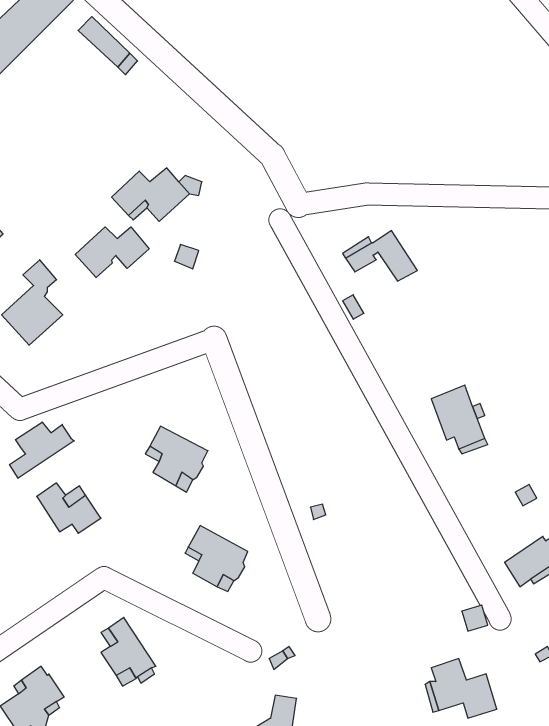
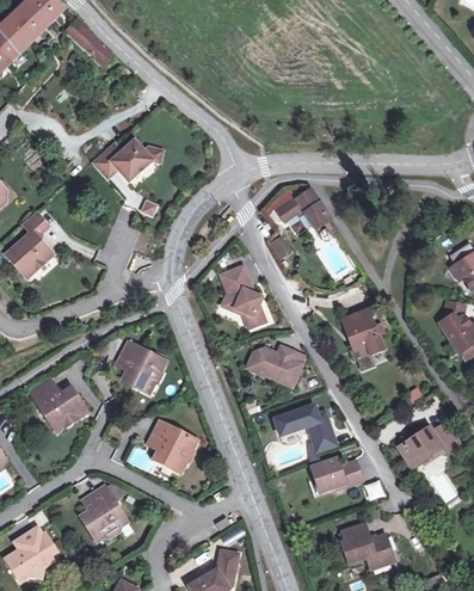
building: [75,227,149,278] -> none
building: none -> [223,264,269,326]
building: [10,422,74,478] -> none
building: none -> [252,344,304,386]
building: none -> [273,406,334,453]
building: none -> [310,458,361,491]

